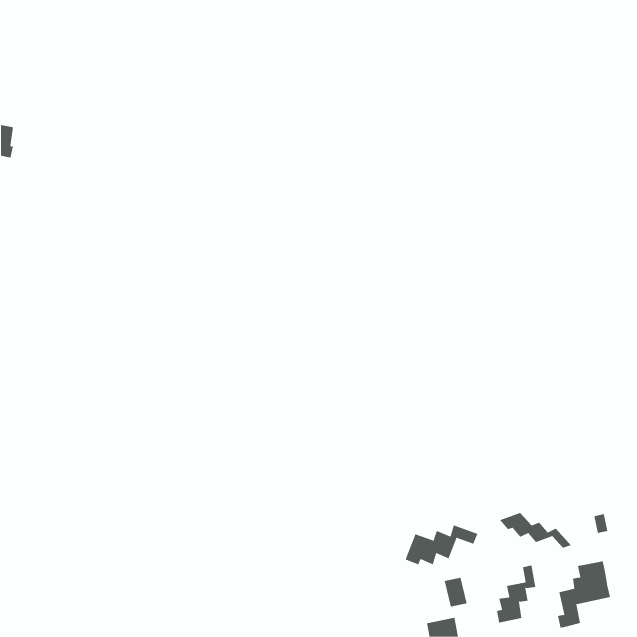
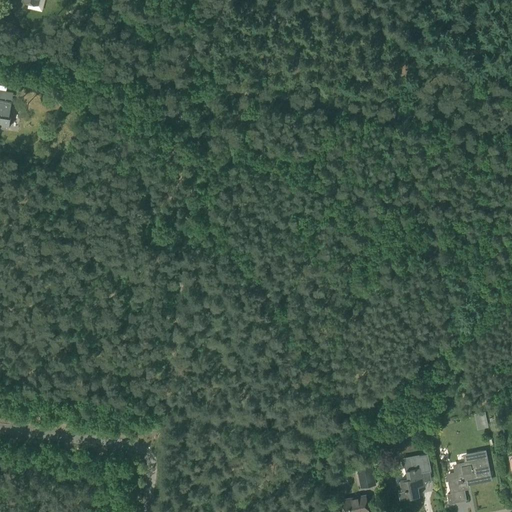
building: [499,512,572,548] -> none
building: [405,524,478,565] -> none

